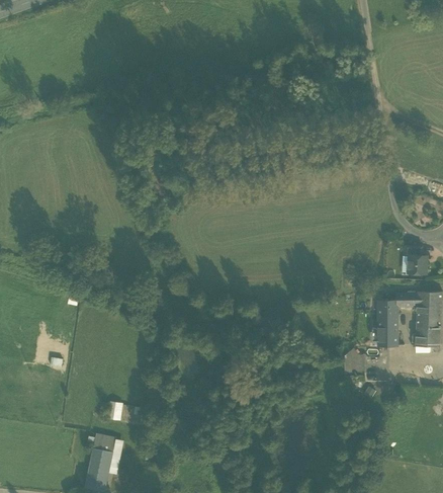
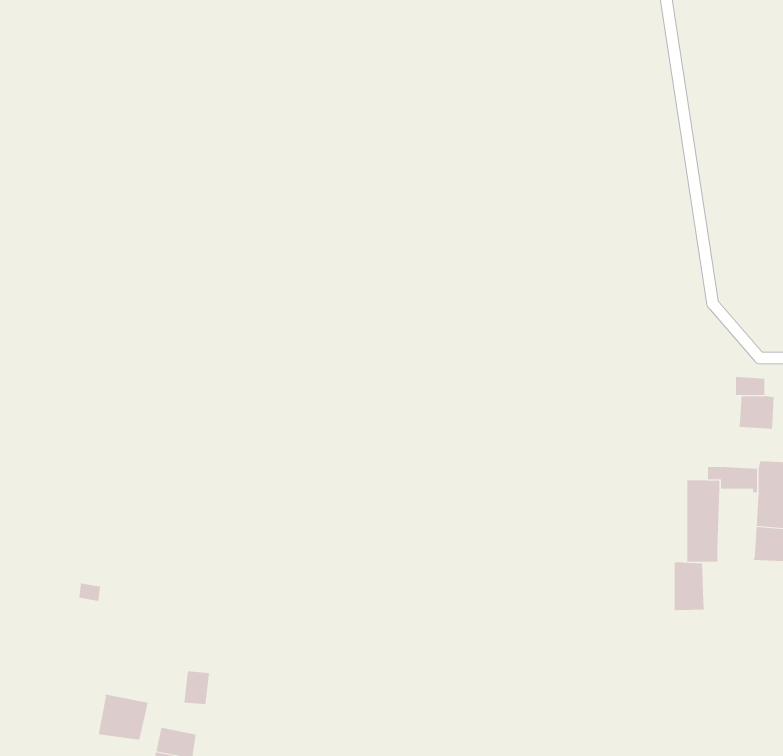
building: none -> [674,562,704,613]
building: none -> [98,693,148,741]

